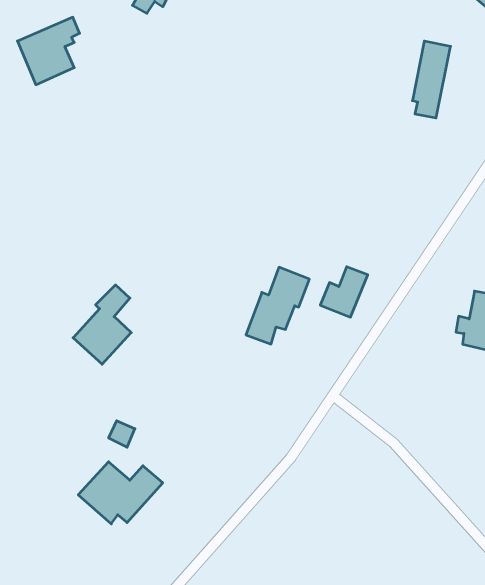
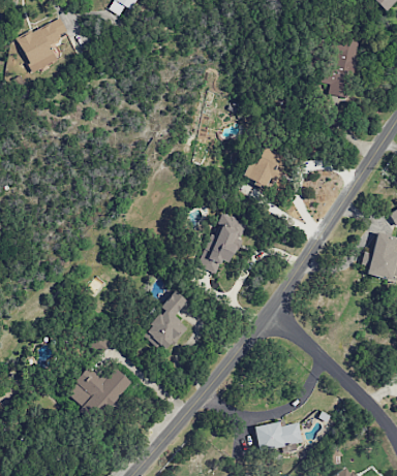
building: [320,267,368,317] -> [243,148,280,187]
building: [73,285,131,364] -> [143,291,188,353]
building: none -> [254,420,303,451]

